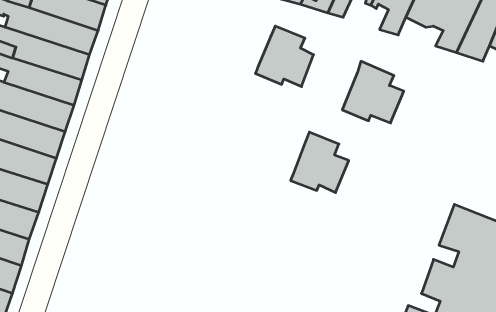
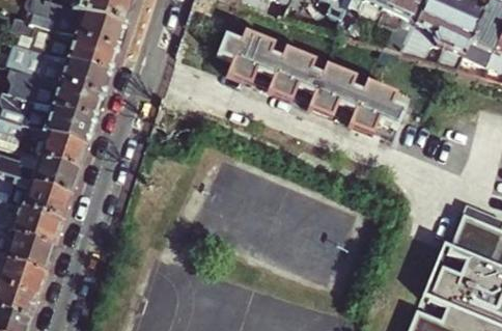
building: none -> [218,26,282,82]
building: [291,132,349,193] -> [309,59,364,116]

